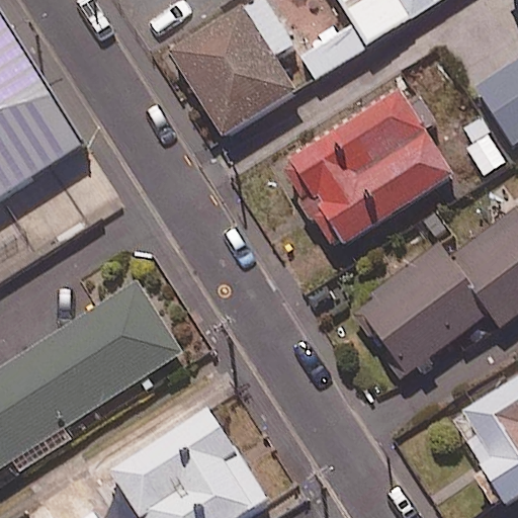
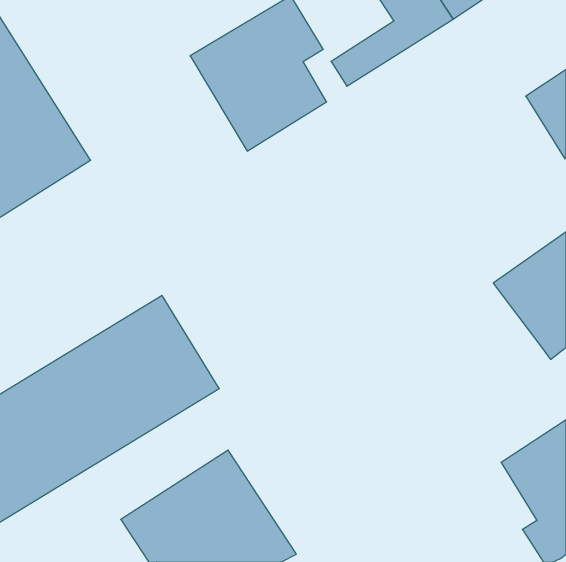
building: [278,90,453,253] -> none
building: [356,243,490,371] -> none

